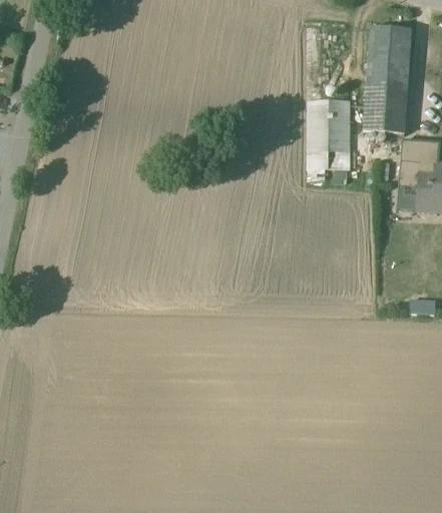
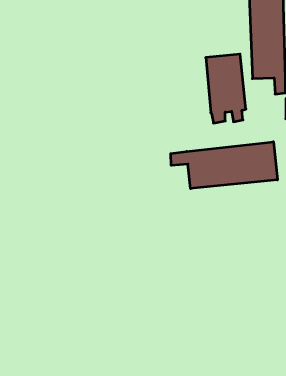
building: none -> [171,142,277,189]

